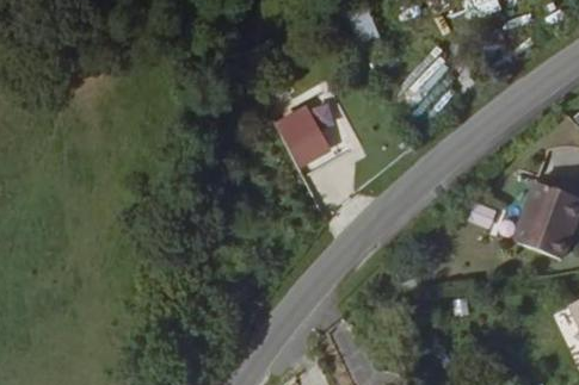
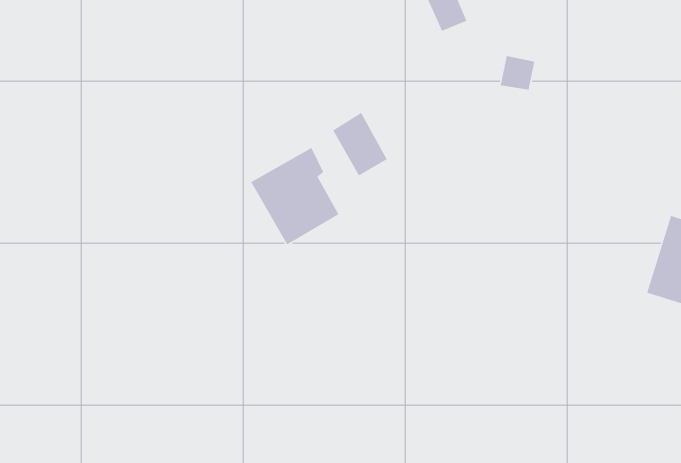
building: none -> [250,147,340,246]

